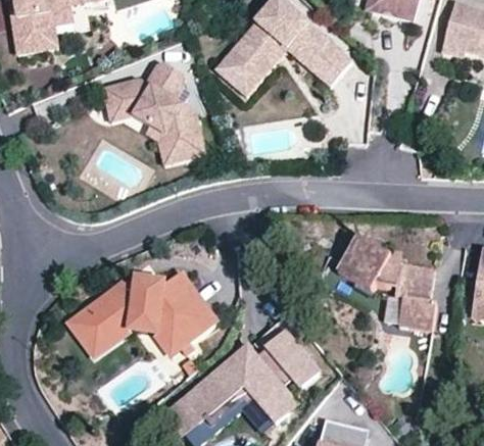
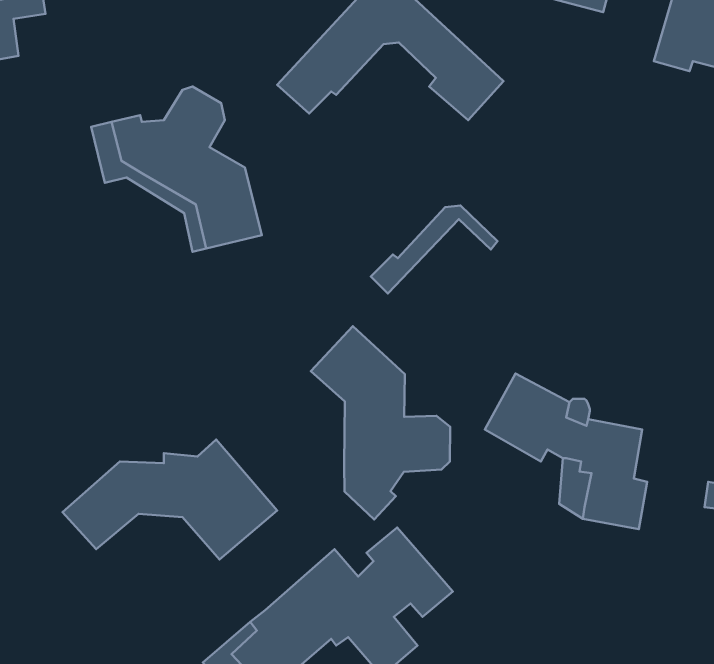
building: [233,37,309,90] -> [371,206,498,293]
building: none -> [311,326,450,519]
building: [67,320,179,364] -> none

